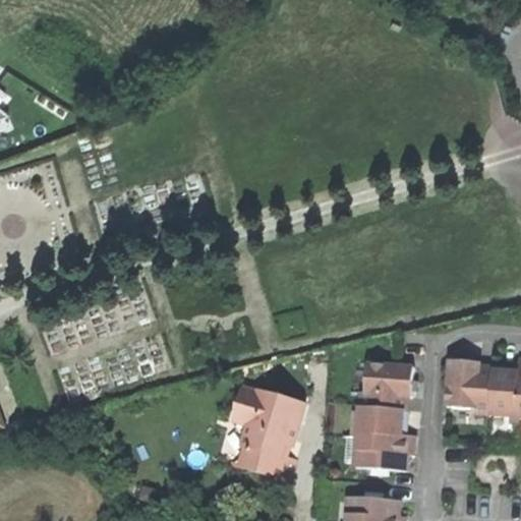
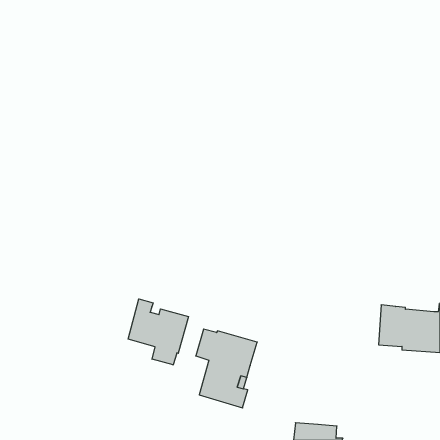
building: none -> [128,299,189,365]
building: [353,362,413,469] -> none

